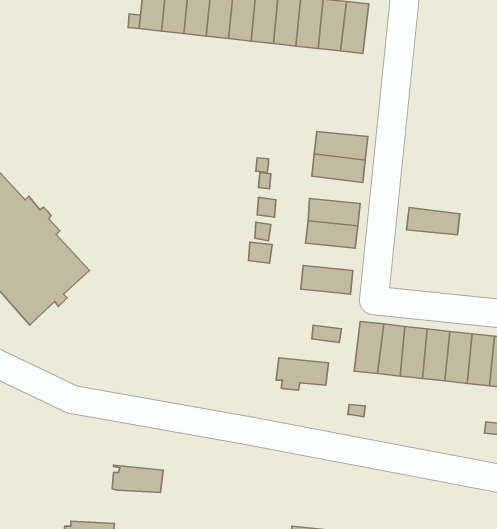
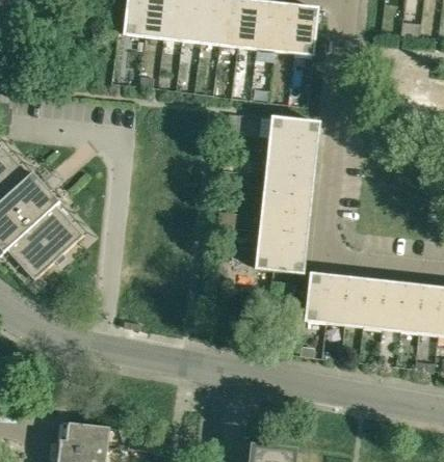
building: [407,207,460,235] -> [268,155,313,178]
building: none -> [263,211,307,234]
building: [276,358,328,390] -> [259,249,303,276]
building: [112,465,163,492] -> [64,423,107,445]

